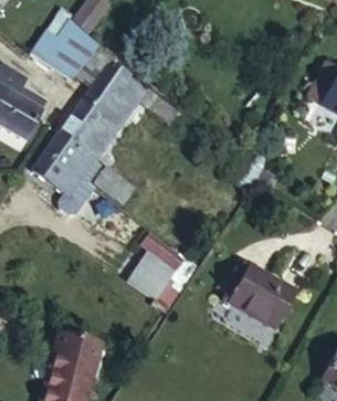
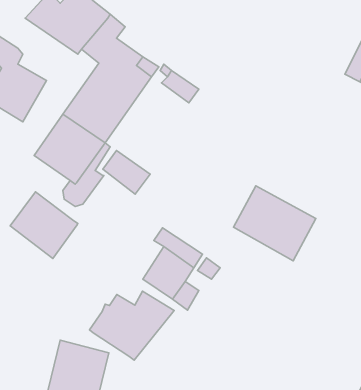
building: none -> [10,192,78,259]
building: [222,262,295,328] -> [233,186,316,261]
building: none -> [89,291,174,360]

